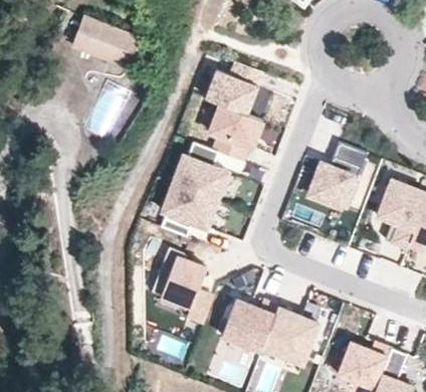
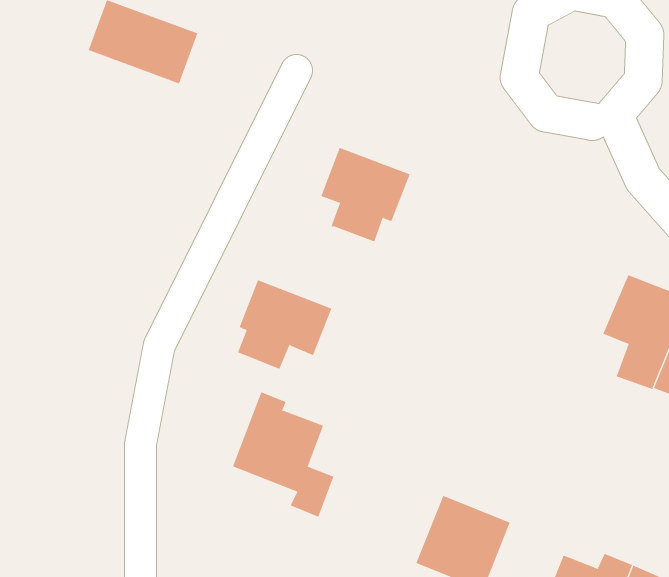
building: [205,62,262,114] -> none
building: [172,142,227,199] -> none
building: [307,143,368,210] -> none
building: [225,302,281,353] -> none

